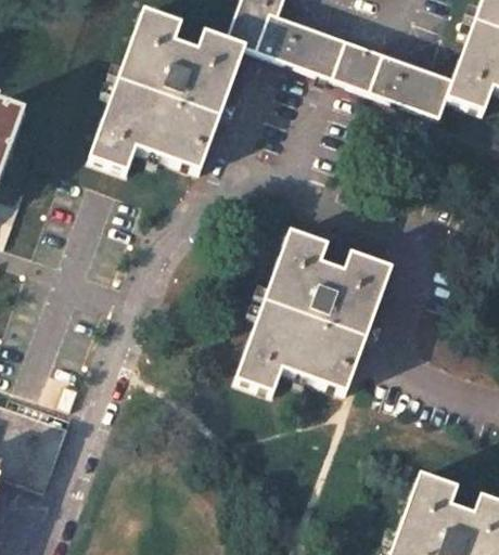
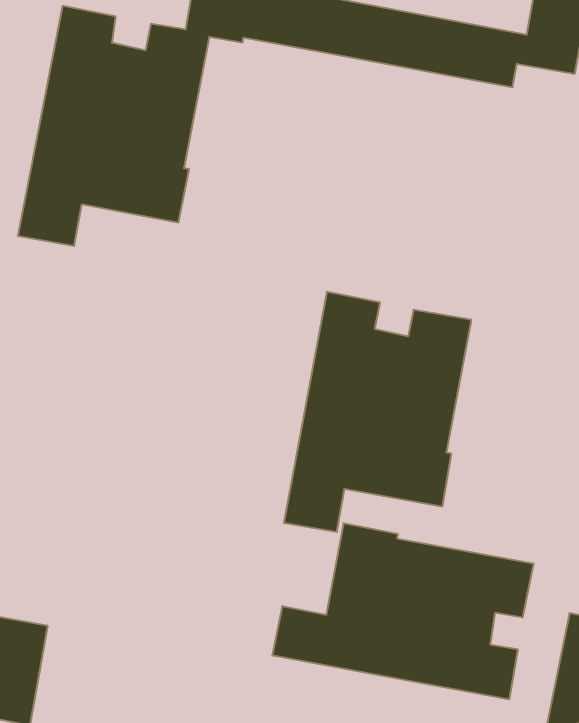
building: none -> [273,523,533,699]

